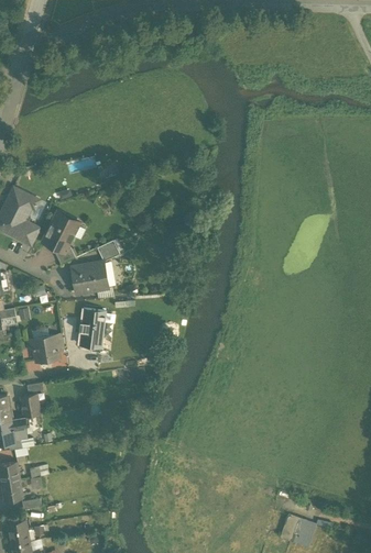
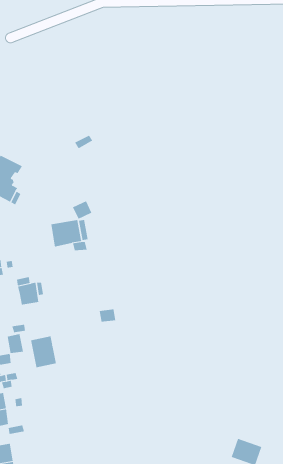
building: [42,213,79,265] -> none
building: [79,308,107,347] -> none
building: none -> [30,336,57,368]

